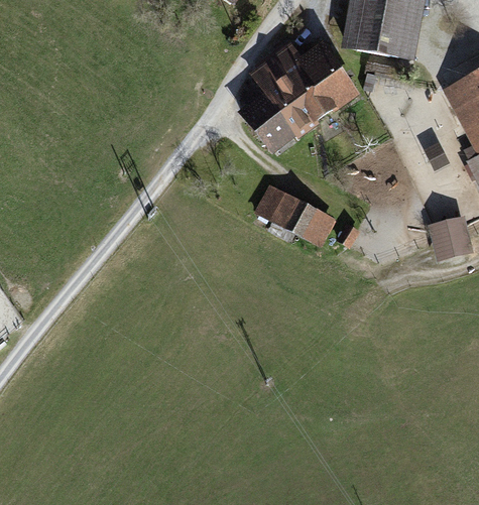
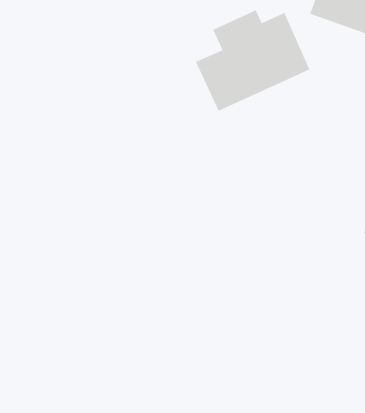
building: [270,194,334,245] -> none

